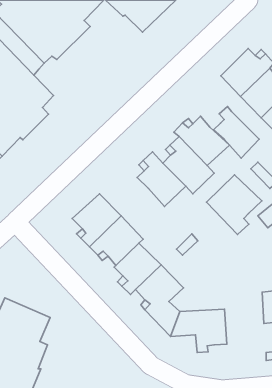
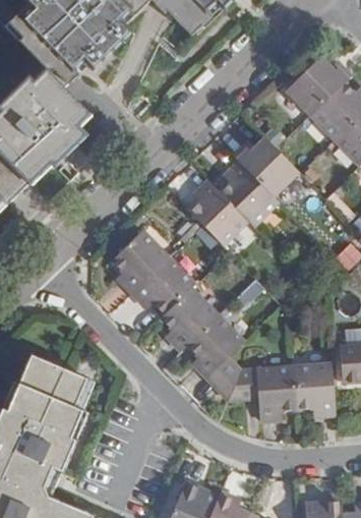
building: [214,107,259,158] -> none
building: [207,175,262,235] -> none
building: none -> [293,365,335,417]

